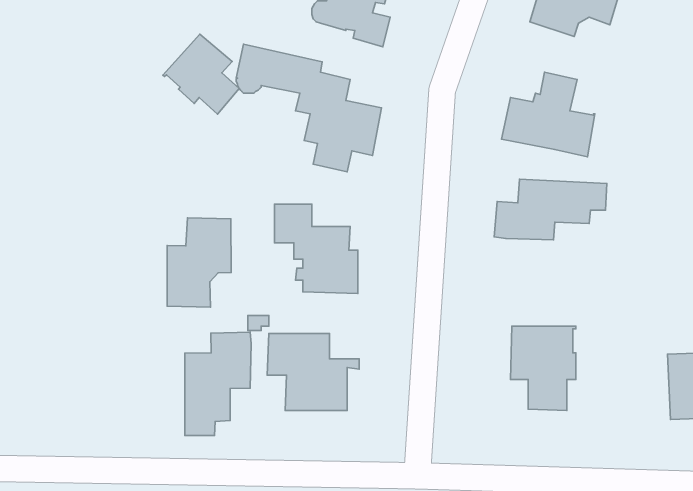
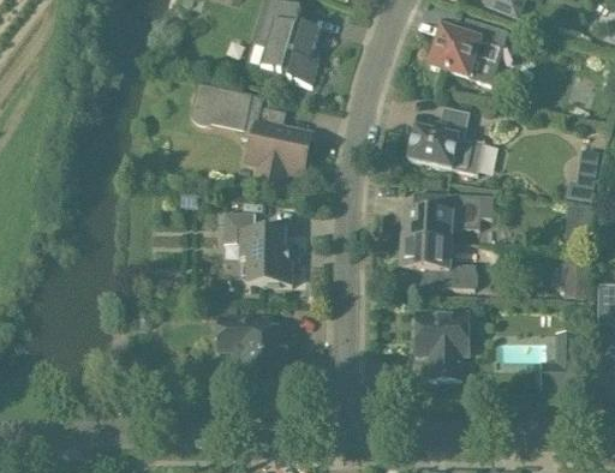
building: [163,34,239,114] -> none
building: [167,218,231,307] -> none
building: none -> [400,239,477,288]
building: [185,332,251,435] -> none

